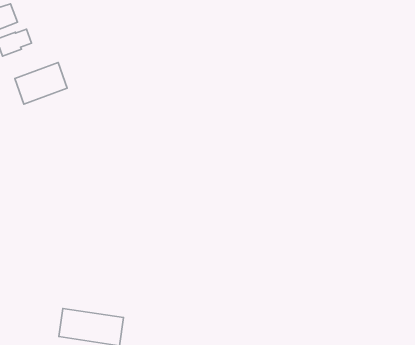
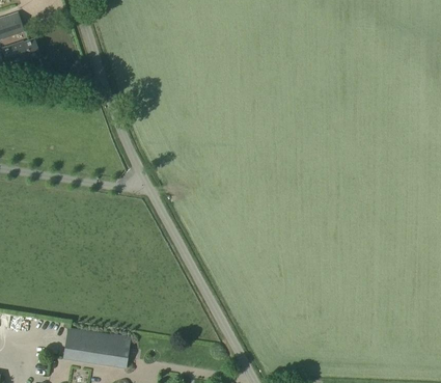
building: [15,63,67,104] -> none

